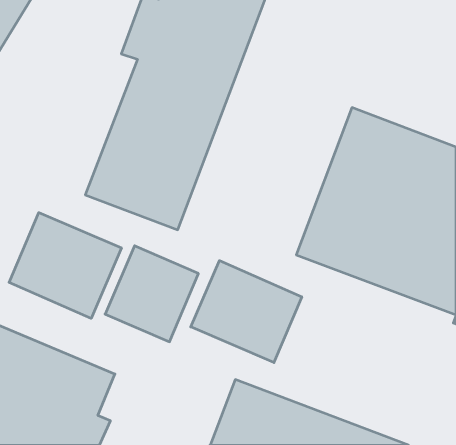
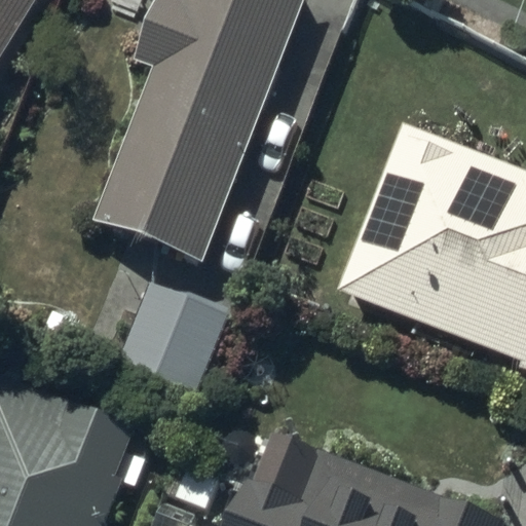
building: [9,213,121,318] -> none
building: [191,261,302,363] -> none

